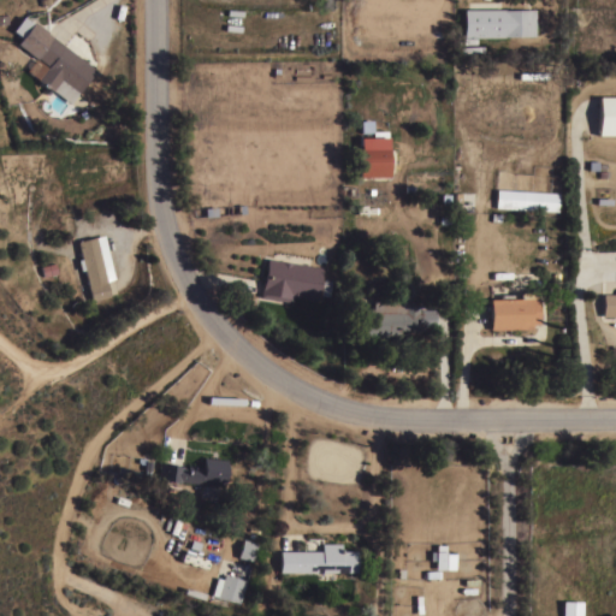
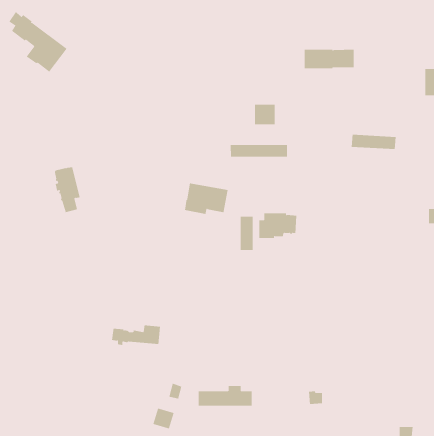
building: [467,10,538,37] -> [304,49,354,69]
building: none -> [230,144,287,157]
building: [492,292,541,330] -> none
building: none -> [240,216,253,251]

